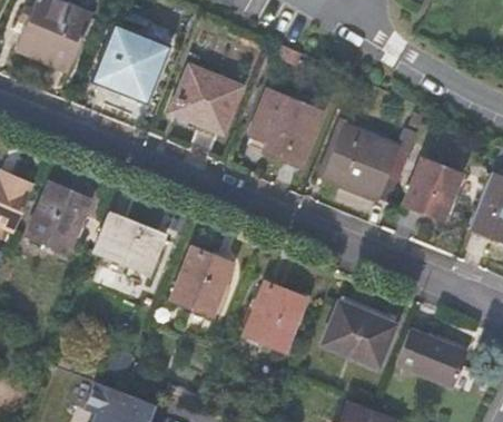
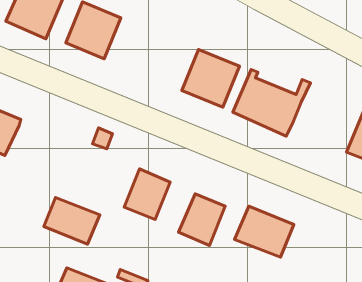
building: [171,67,239,131] -> none
building: [396,155,462,222] -> none
building: [27,184,90,252] -> none
building: [91,213,166,275] -> [44,197,100,244]
building: [394,326,466,386] -> none

